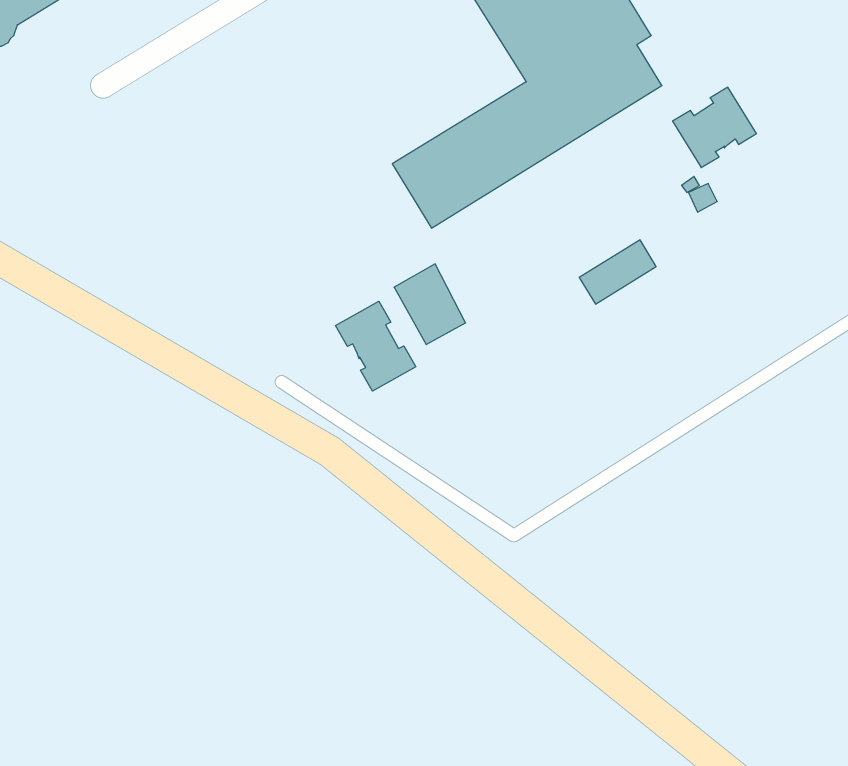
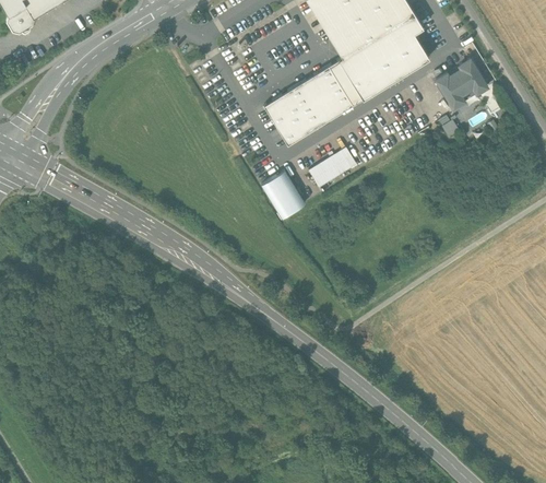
building: [579,240,656,304] -> [308,148,355,187]
building: [336,301,416,391] -> none

